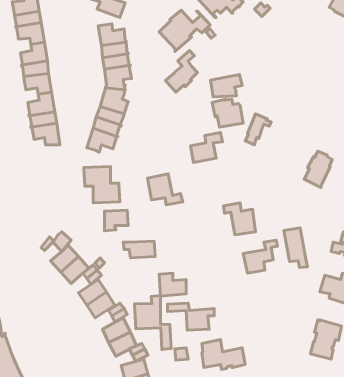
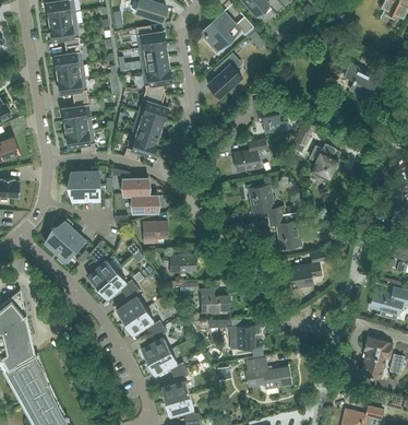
building: none -> [341,63,377,95]
building: [210,74,242,97] -> none
building: [304,151,332,187] -> [311,143,340,181]
building: none -> [70,169,100,202]
building: [148,174,183,205] -> [249,185,286,217]
building: none -> [44,220,86,262]
building: [284,228,307,267] -> none
building: [135,295,171,349] -> none

